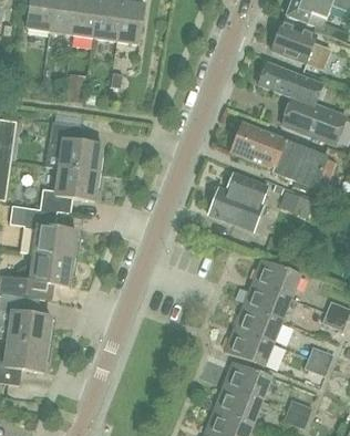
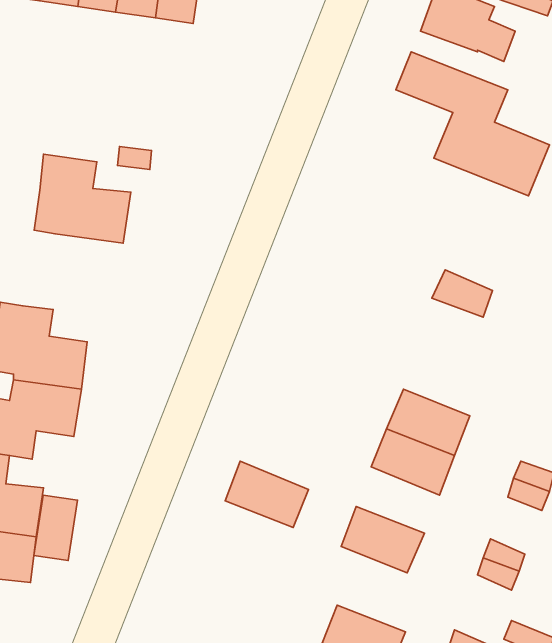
building: [230,123,328,193] -> none
building: [39,168,97,215] -> none
building: [208,173,267,230] -> none
building: [234,304,282,343] -> [225,461,308,528]
building: none -> [34,495,77,561]
building: [223,362,271,401] -> none

